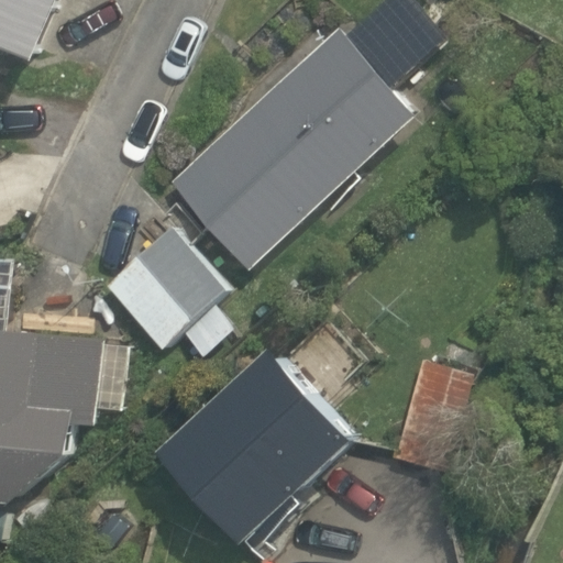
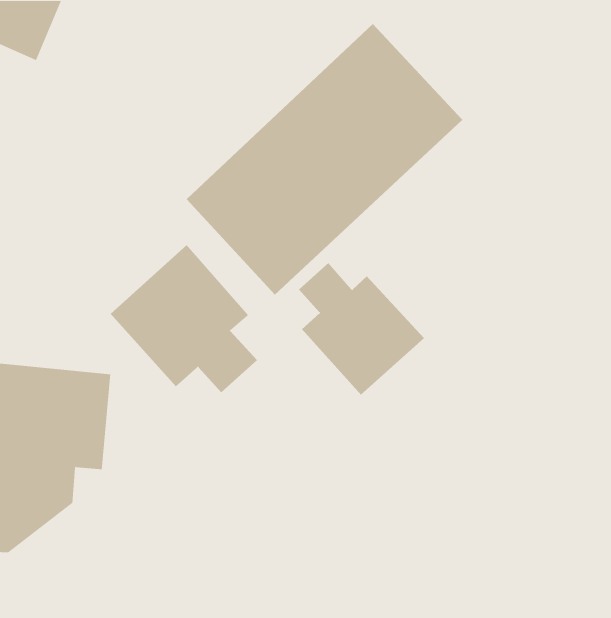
building: none -> [298,262,425,396]
building: [161,344,356,541] -> none

